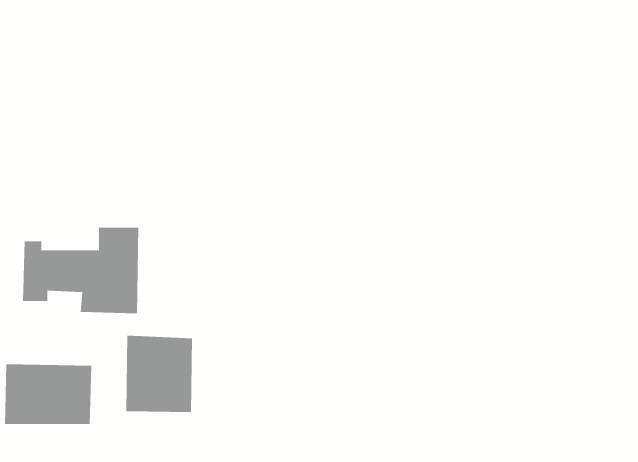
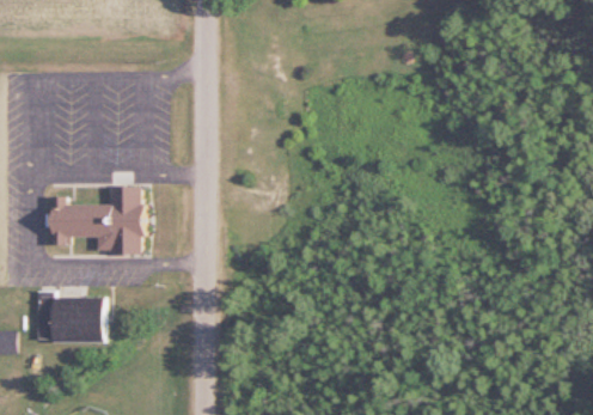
building: [126,335,192,413] -> none

